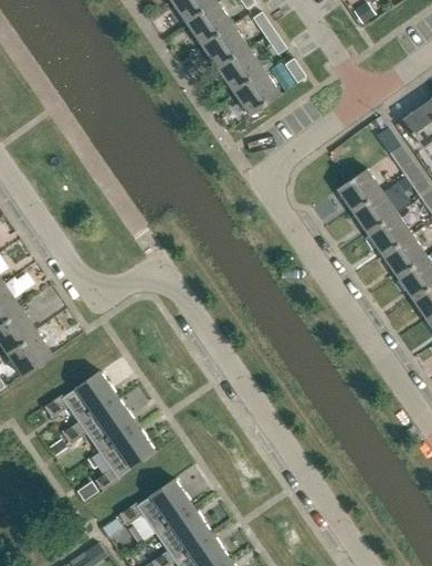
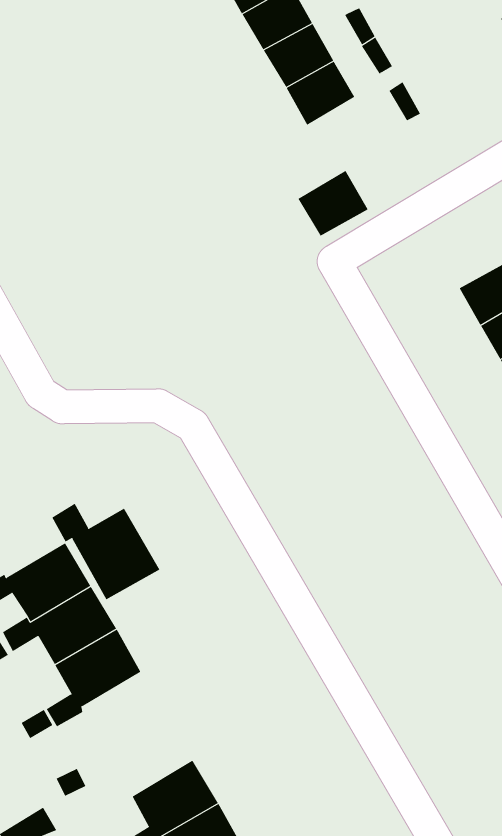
building: [233,70,280,114] -> [297,170,369,237]
building: none -> [51,503,160,600]
building: [118,479,191,532] -> none

